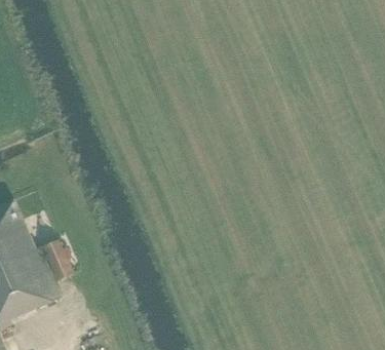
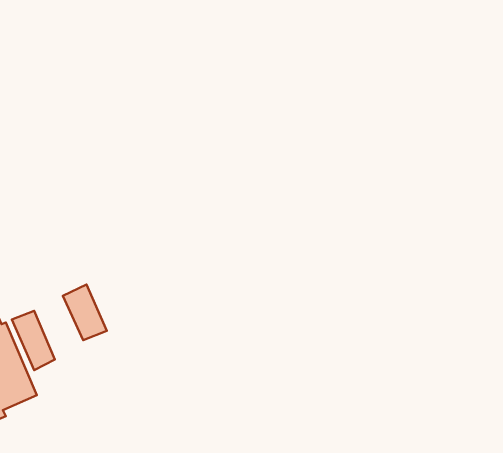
building: none -> [63,285,107,340]

